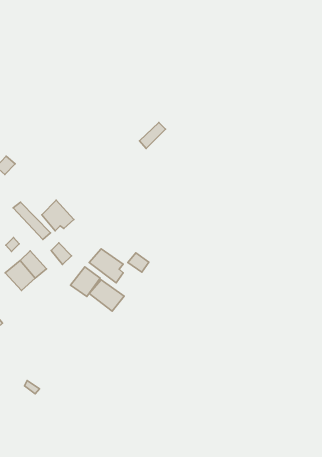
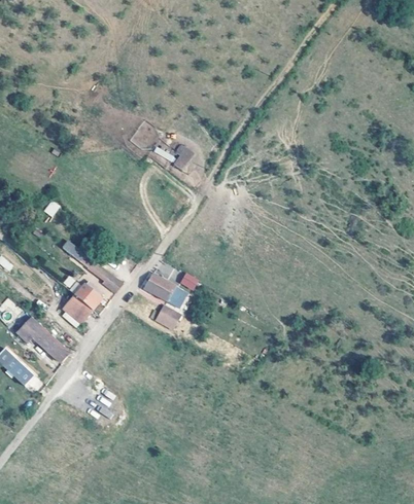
building: [42,200,74,231] -> none
building: [71,267,100,296] -> none

